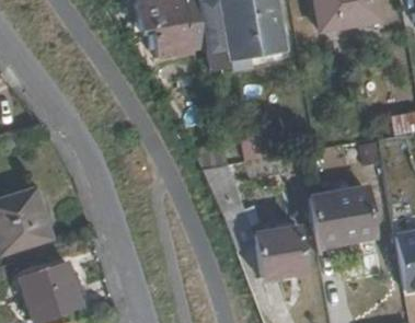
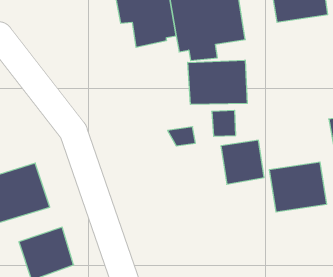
building: none -> [188,60,247,104]
building: [255,227,304,277] -> [221,140,264,184]

